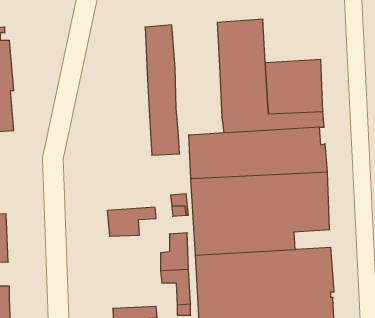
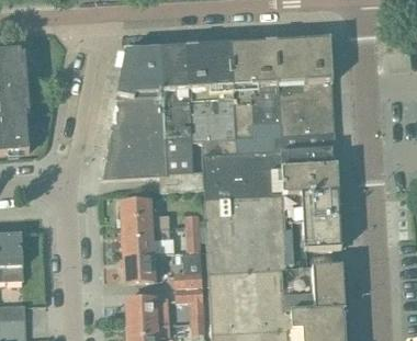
building: none -> [274,36,331,82]
building: none -> [184,43,236,154]
building: none -> [101,47,165,178]
building: none -> [120,198,168,228]
building: none -> [123,252,154,281]
building: none -> [125,295,169,325]

